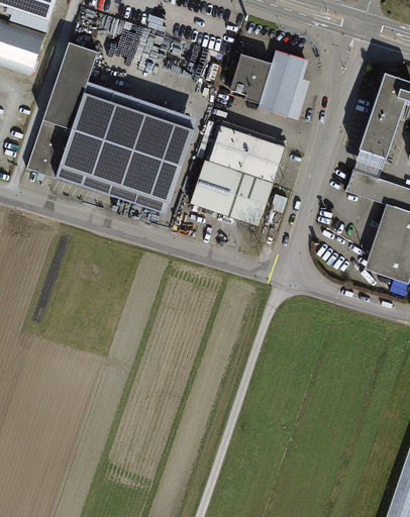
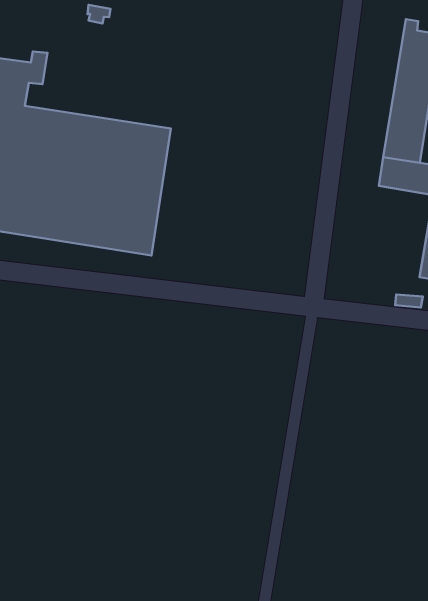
building: [228,50,309,117] -> none
building: [193,122,290,228] -> none

